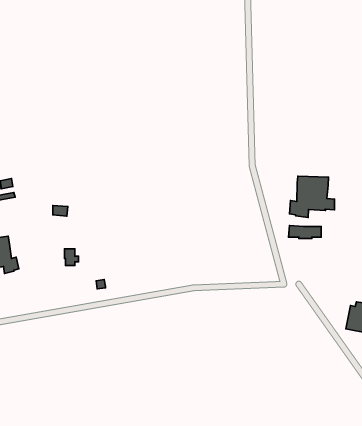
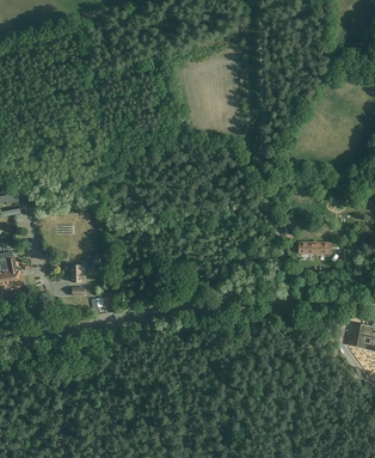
building: [289,176,334,217] -> none

